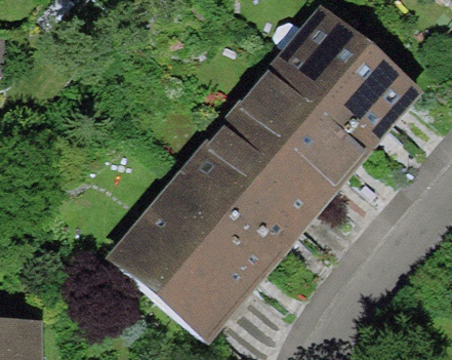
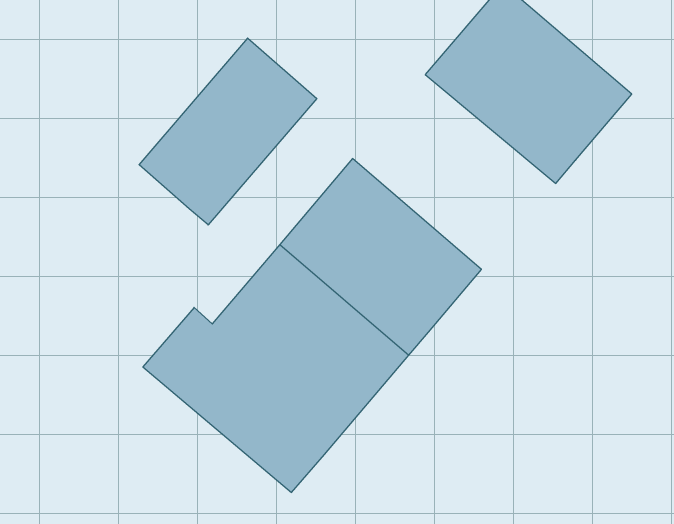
building: none -> [139,38,317,225]
building: [243,76,369,197] -> none

